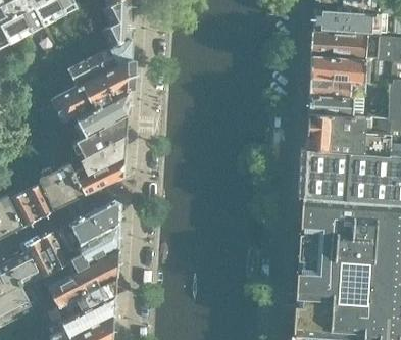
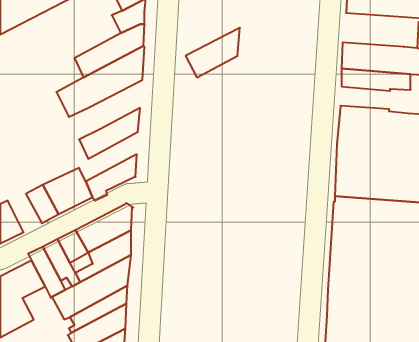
building: [309,32,366,59] -> none
building: [80,89,129,134] -> [186,28,240,77]
building: [307,95,369,119] -> none
building: [73,136,126,181] -> none
building: [8,192,38,227] -> none

